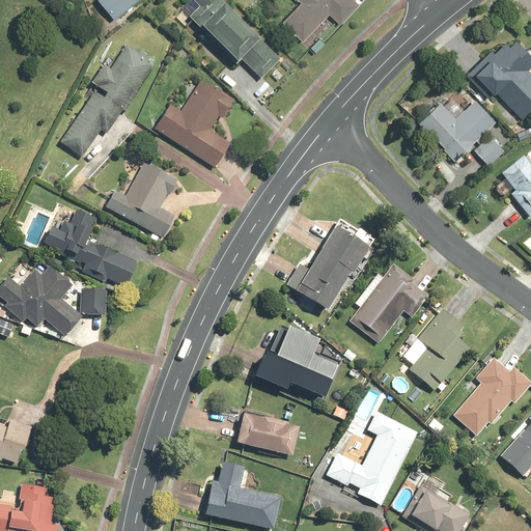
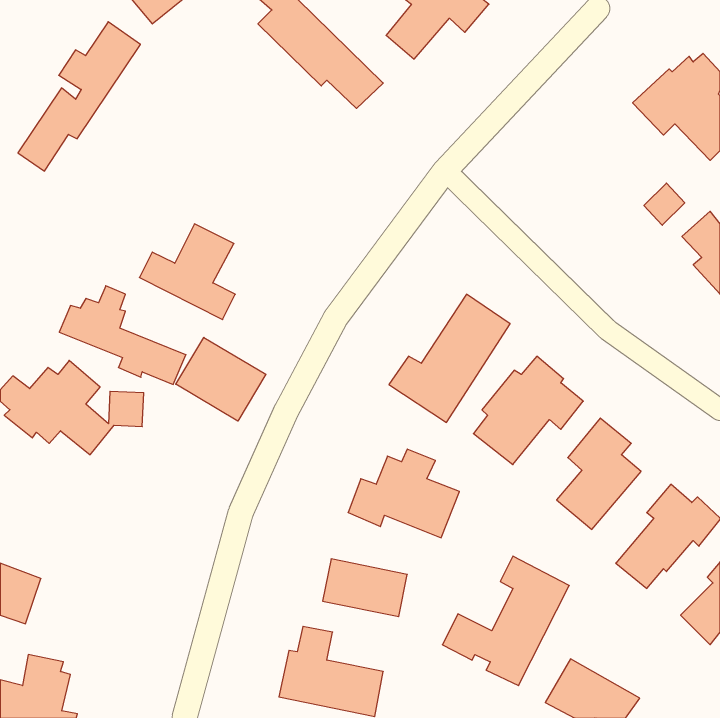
building: [62,44,152,153] -> [18,22,140,171]
building: [153,78,235,169] -> none
building: [420,99,497,161] -> none
building: none -> [176,337,266,421]

